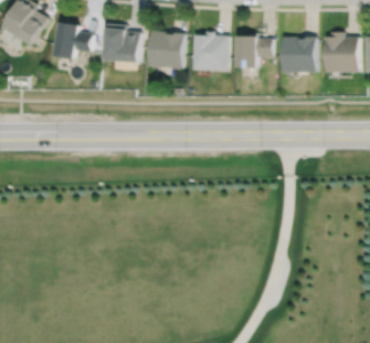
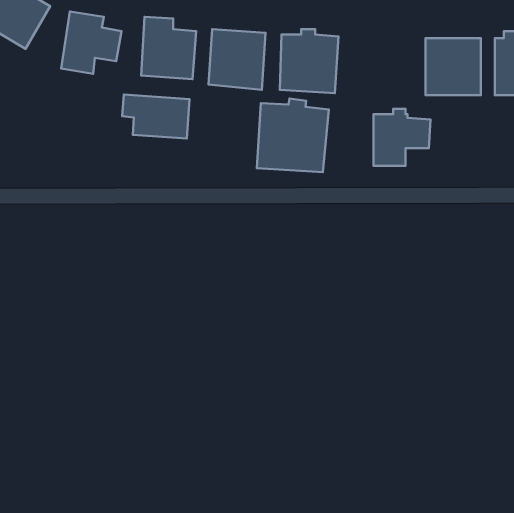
building: [236,32,272,67] -> [374,109,431,166]
building: none -> [122,94,189,139]
building: none -> [257,99,329,172]

